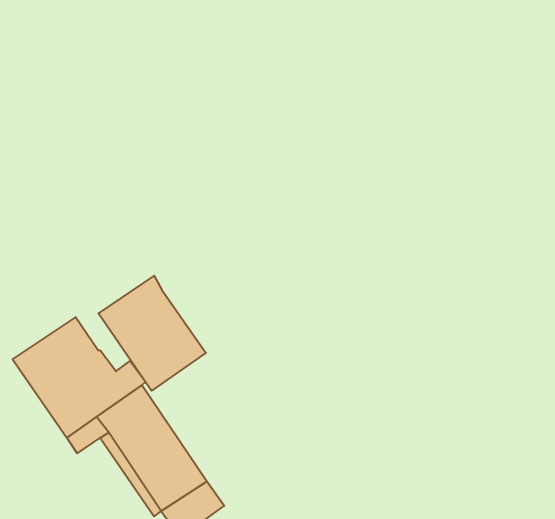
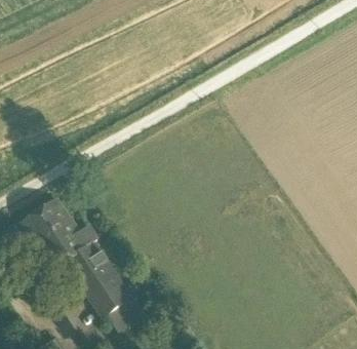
building: [98,276,206,391] -> none

